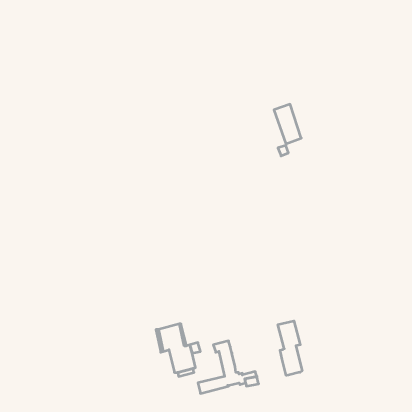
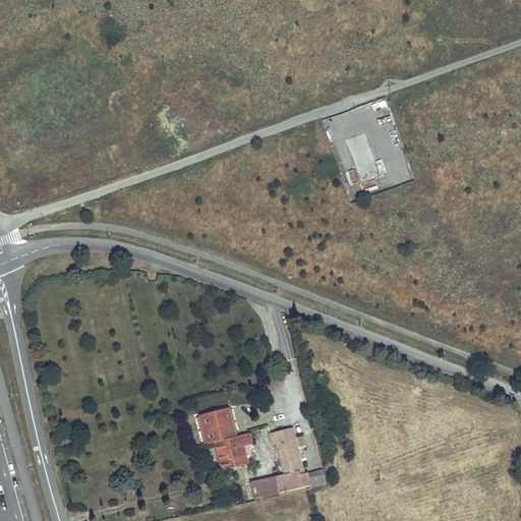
building: [278,321,302,375] -> none

